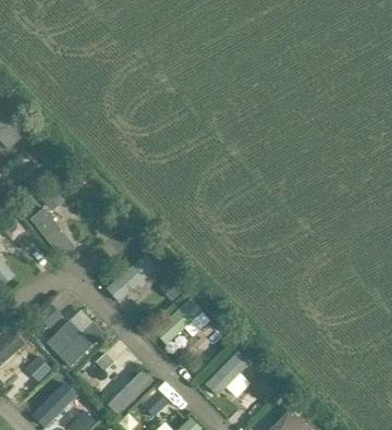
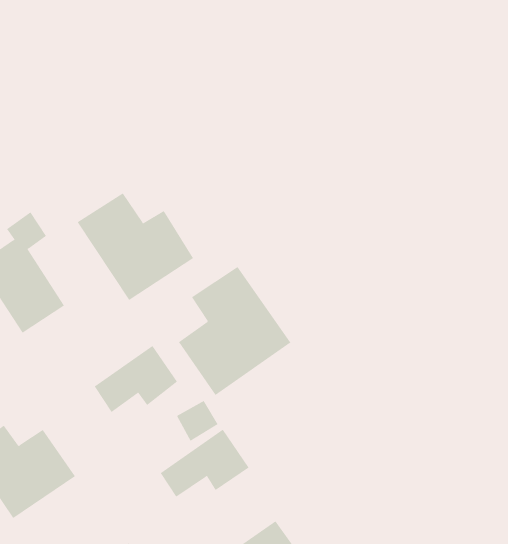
building: none -> [77,192,194,301]
building: none -> [178,266,291,396]

